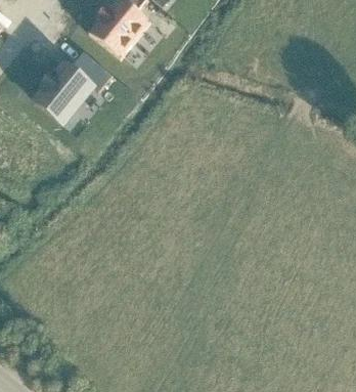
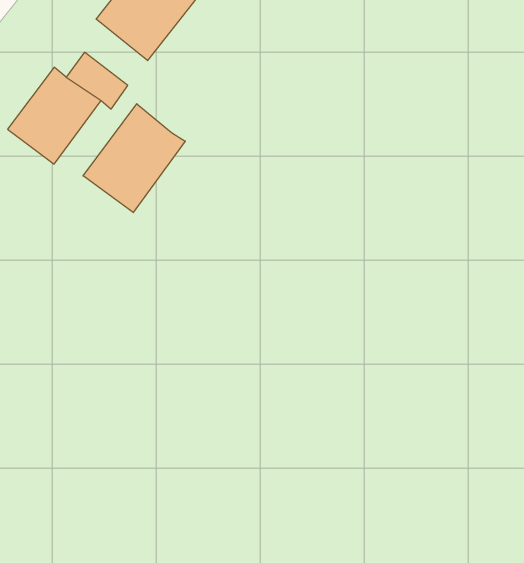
building: none -> [83,104,185,213]

